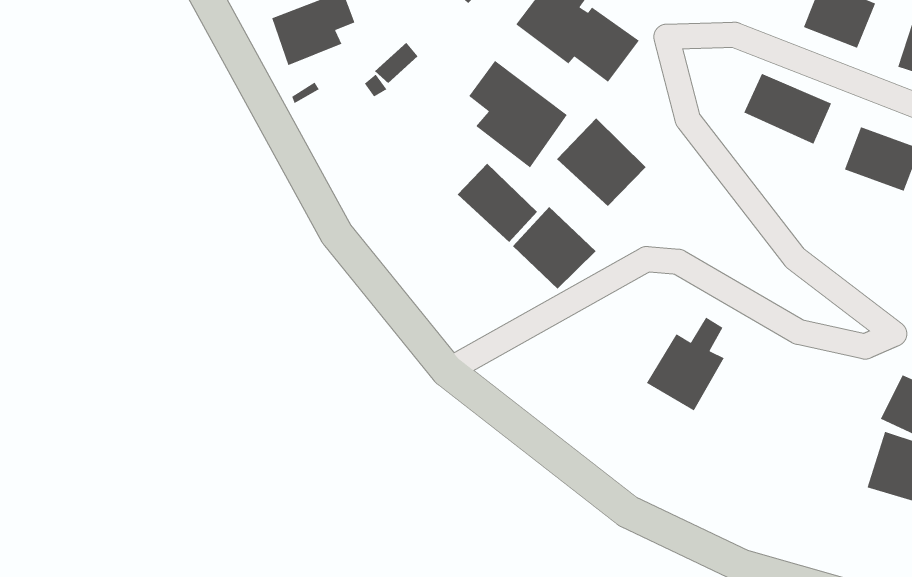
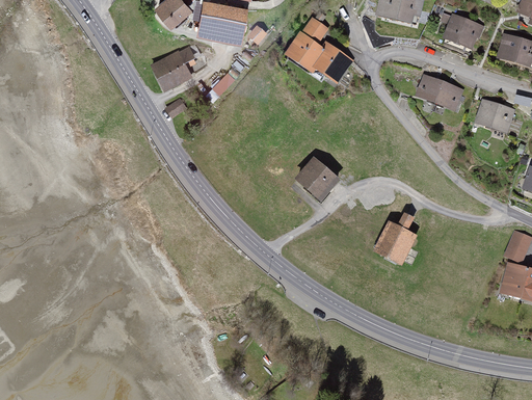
building: [468,60,568,169] -> none
building: [556,117,646,207] -> none
building: [457,163,538,243] -> none

